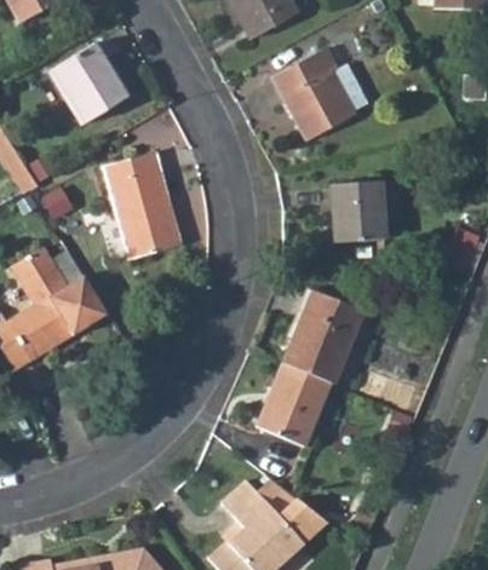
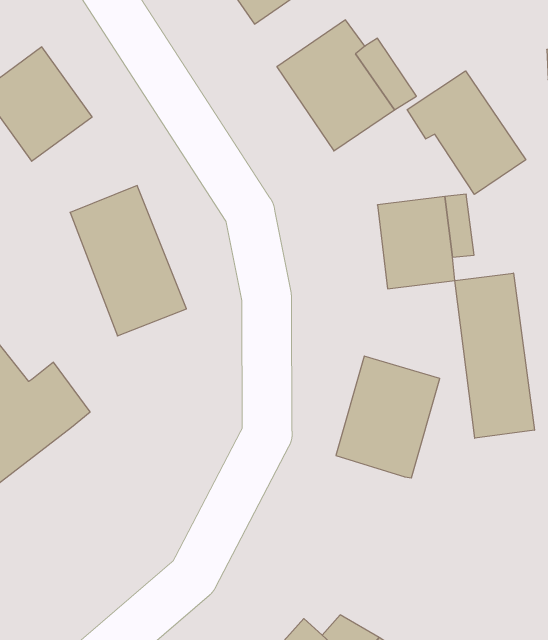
building: none -> [407,71,526,194]
building: none -> [455,273,534,438]
building: [252,362,329,454] -> none

